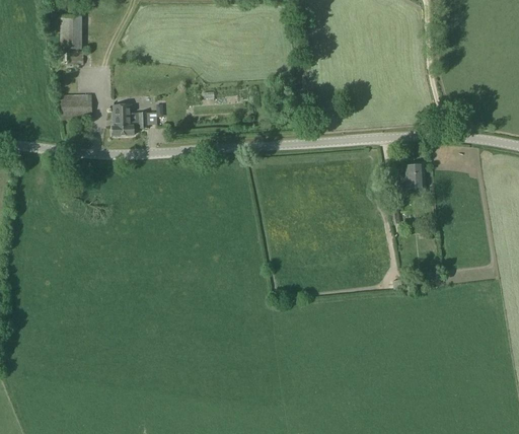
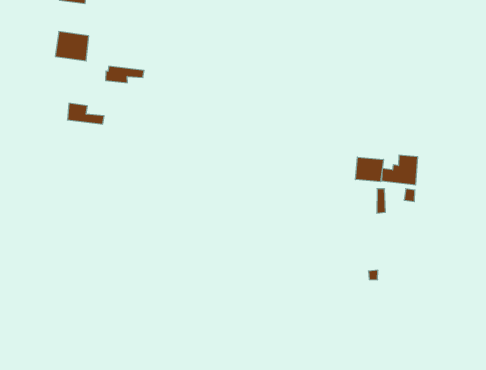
building: [113,104,148,121] -> [67,103,104,124]
building: none -> [355,157,383,182]

